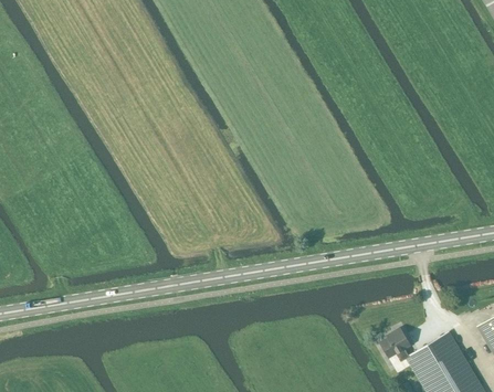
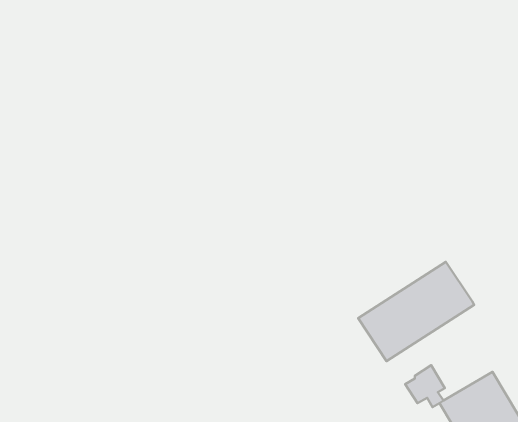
building: none -> [358,262,474,361]

